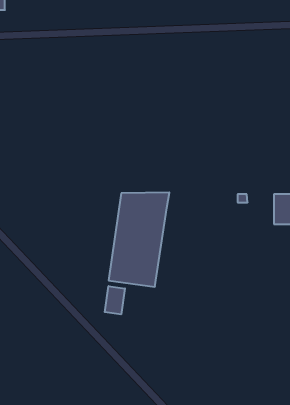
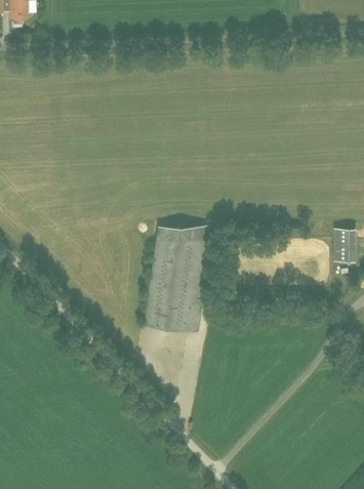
building: [105,286,125,314] -> none

